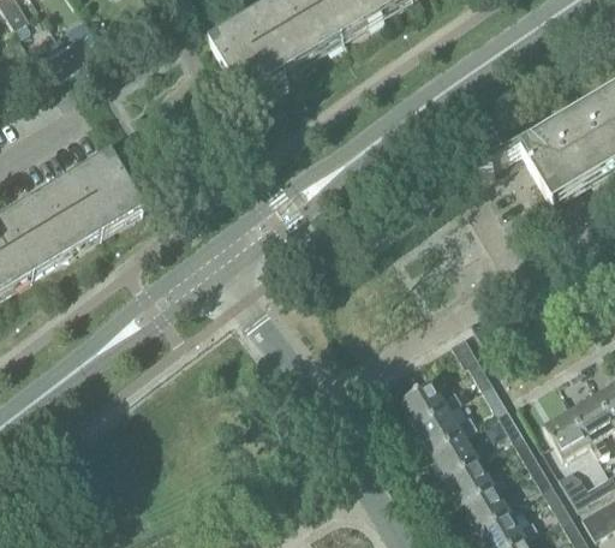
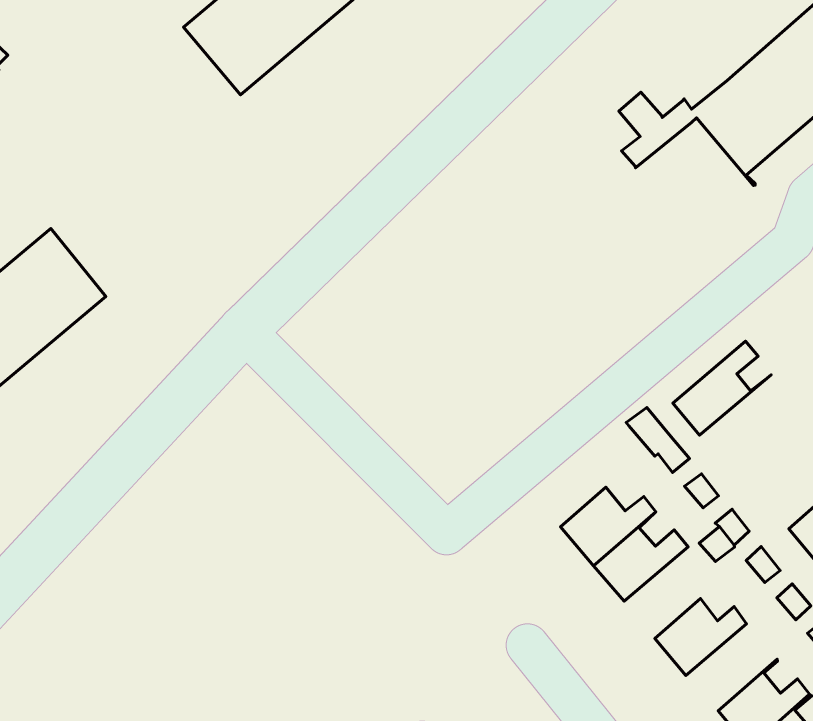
building: none -> [673,341,771,435]
building: [430,419,478,473] -> none
building: [461,473,520,525] -> none

